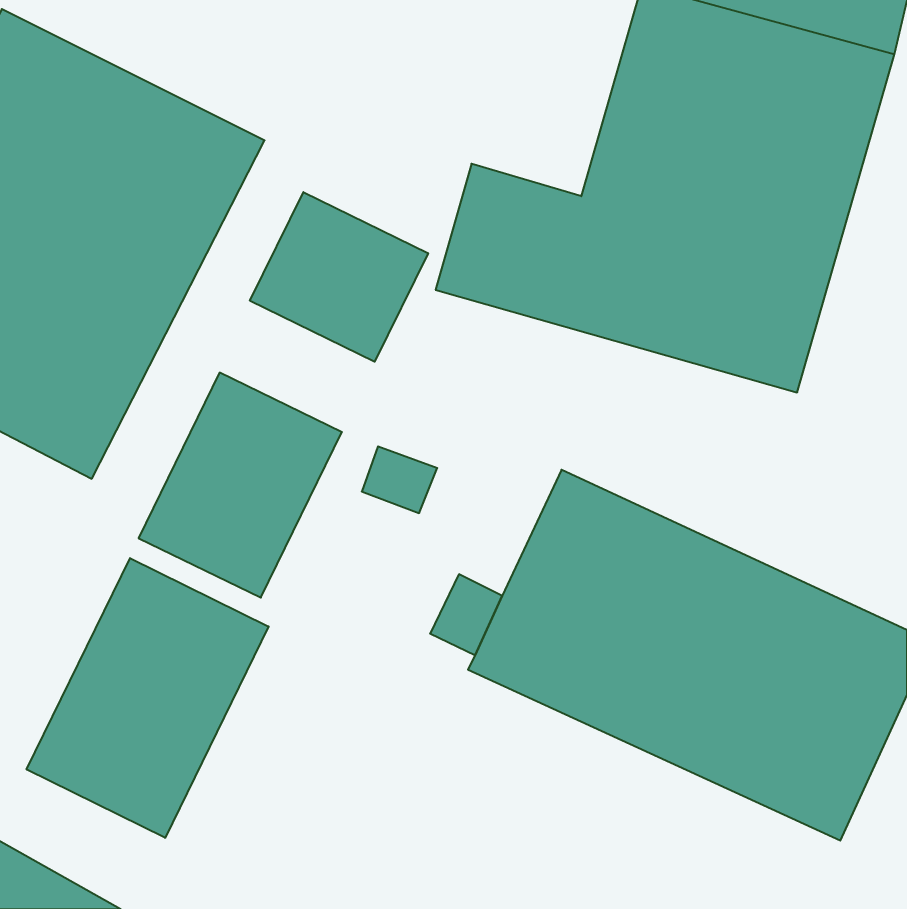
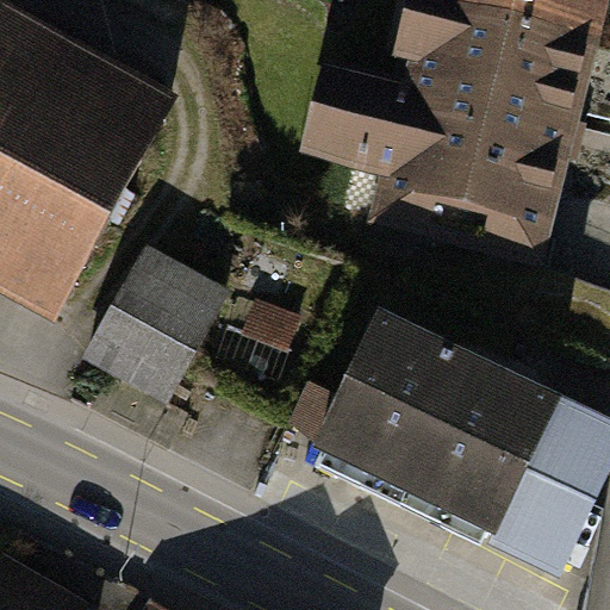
building: [250,192,428,362] -> none
building: [27,558,269,838] -> none

